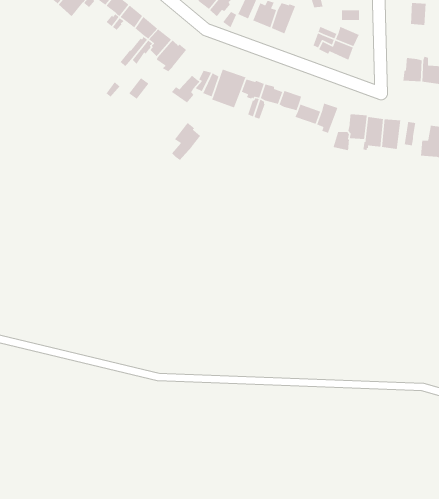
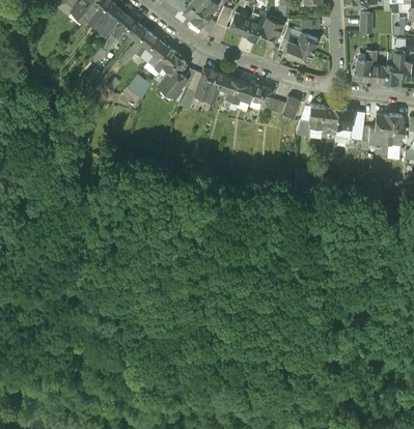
building: none -> [255,17,281,46]
building: [171,122,201,161] -> [161,53,186,85]

